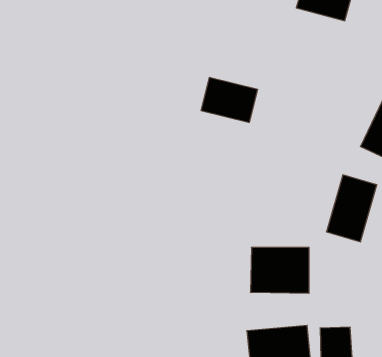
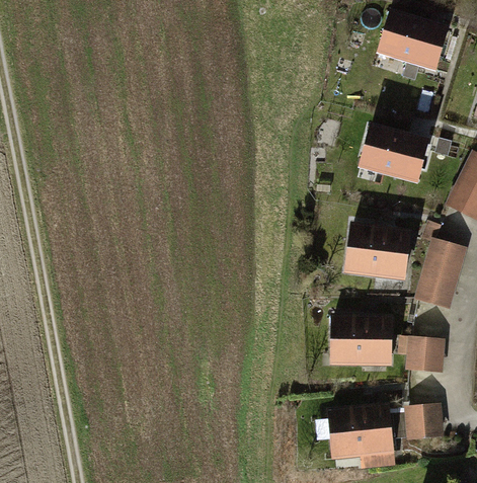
building: [201,77,258,122] -> [361,128,423,177]
building: none -> [344,221,412,279]
building: none -> [405,337,444,374]

